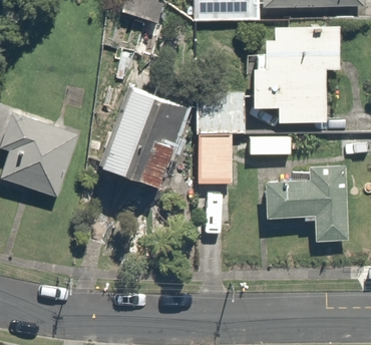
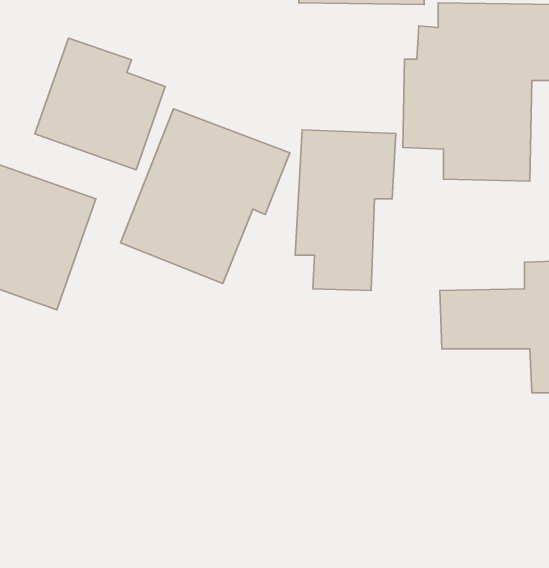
building: none -> [35,38,165,170]

